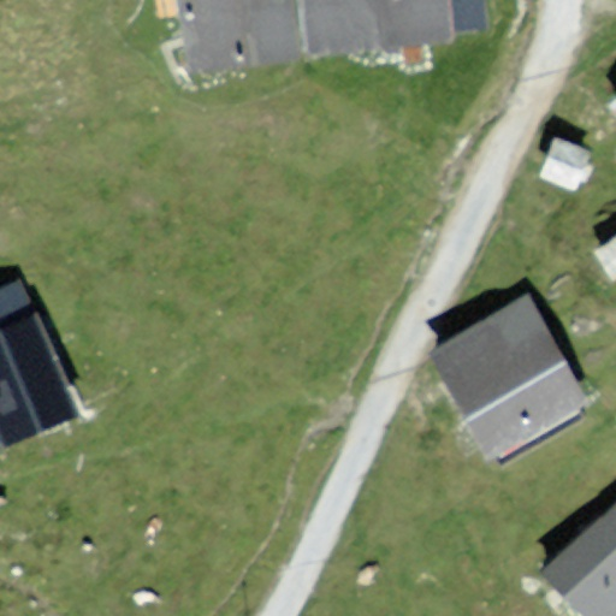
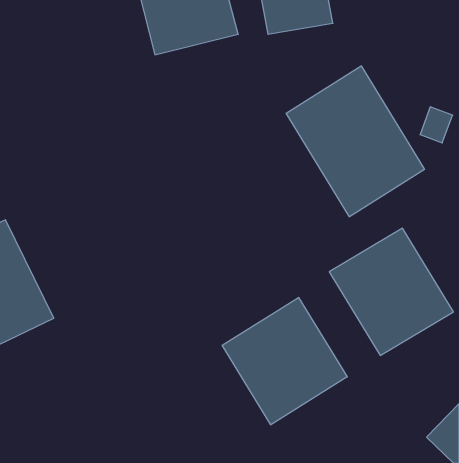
building: none -> [286,66,424,217]
building: none -> [222,297,347,425]

